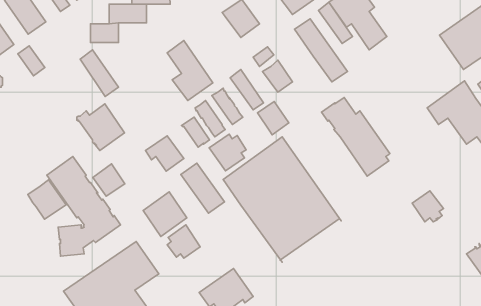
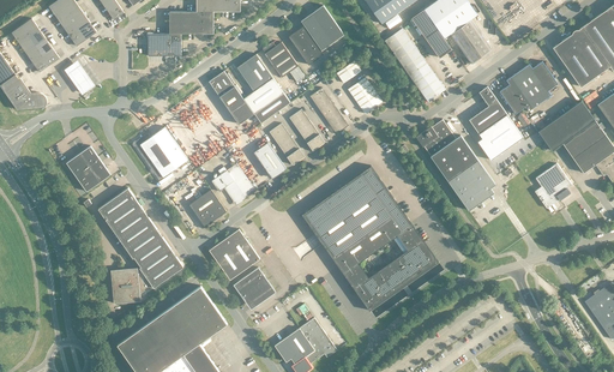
building: none -> [288,26,323,66]
building: none -> [261,42,305,83]
building: none -> [499,62,558,114]
building: [80,50,119,97] -> [209,71,253,125]
building: none -> [469,86,523,161]
building: [258,101,289,135] -> none
building: [209,134,246,171] -> none
building: [181,163,225,213] -> none
building: [93,164,125,196] -> [188,190,225,227]
building: [28,180,66,219] -> [66,146,110,192]
building: [412,191,443,222] -> [535,164,571,200]

